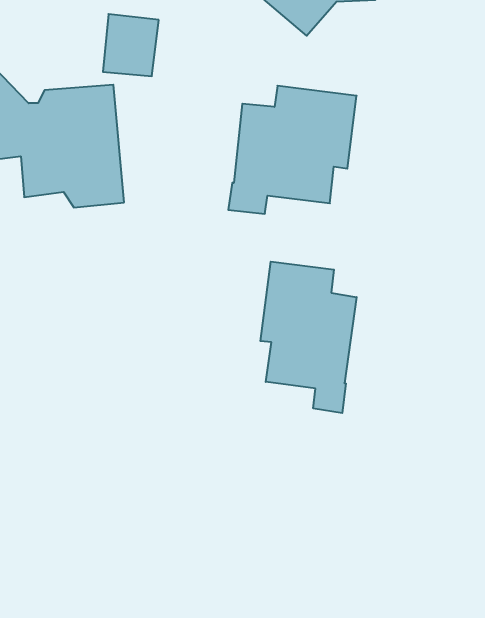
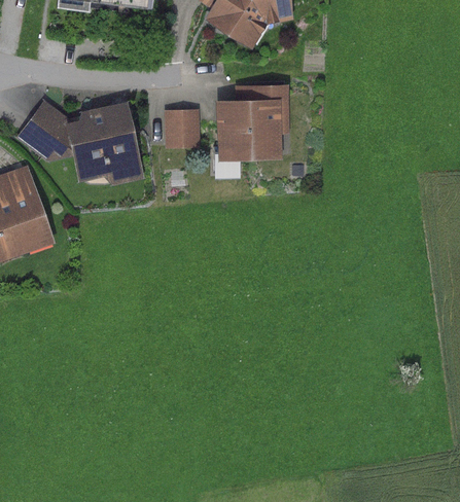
building: [103,14,159,76] -> [165,109,200,149]
building: [260,262,357,413] -> none

